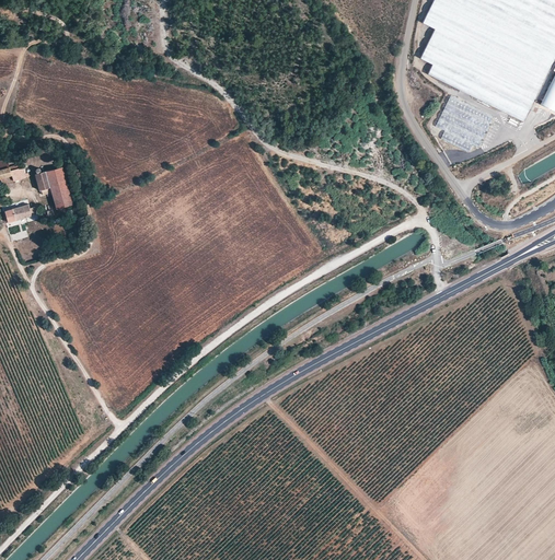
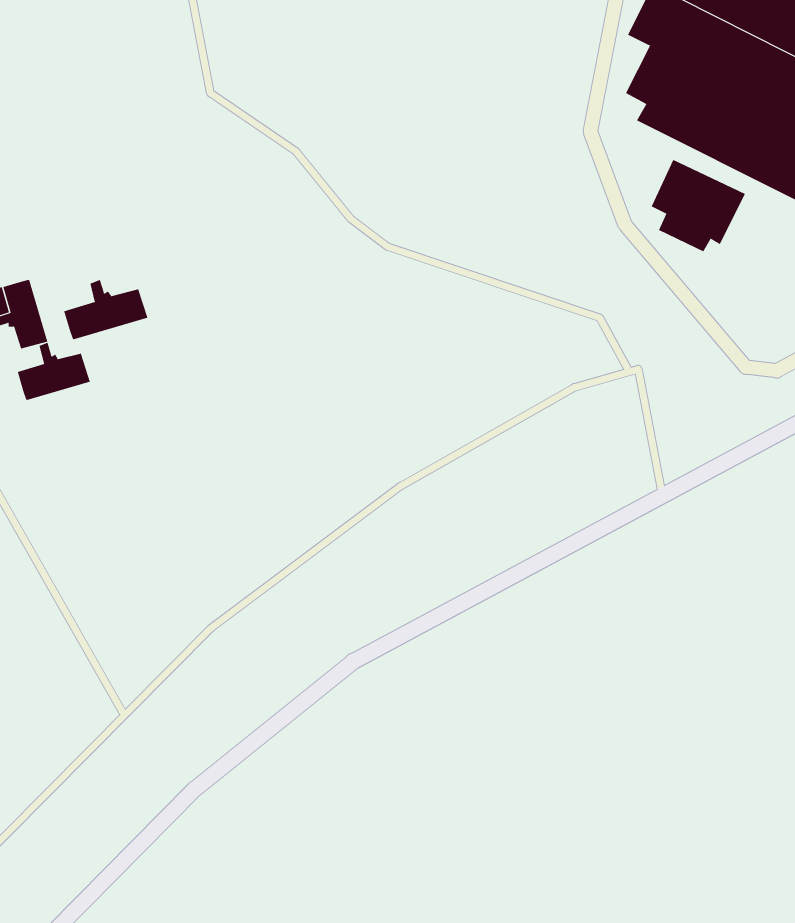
building: none -> [64,279,148,340]
building: none -> [17,342,91,401]

